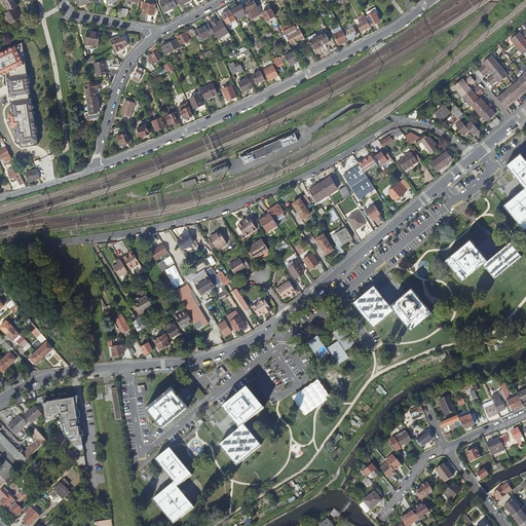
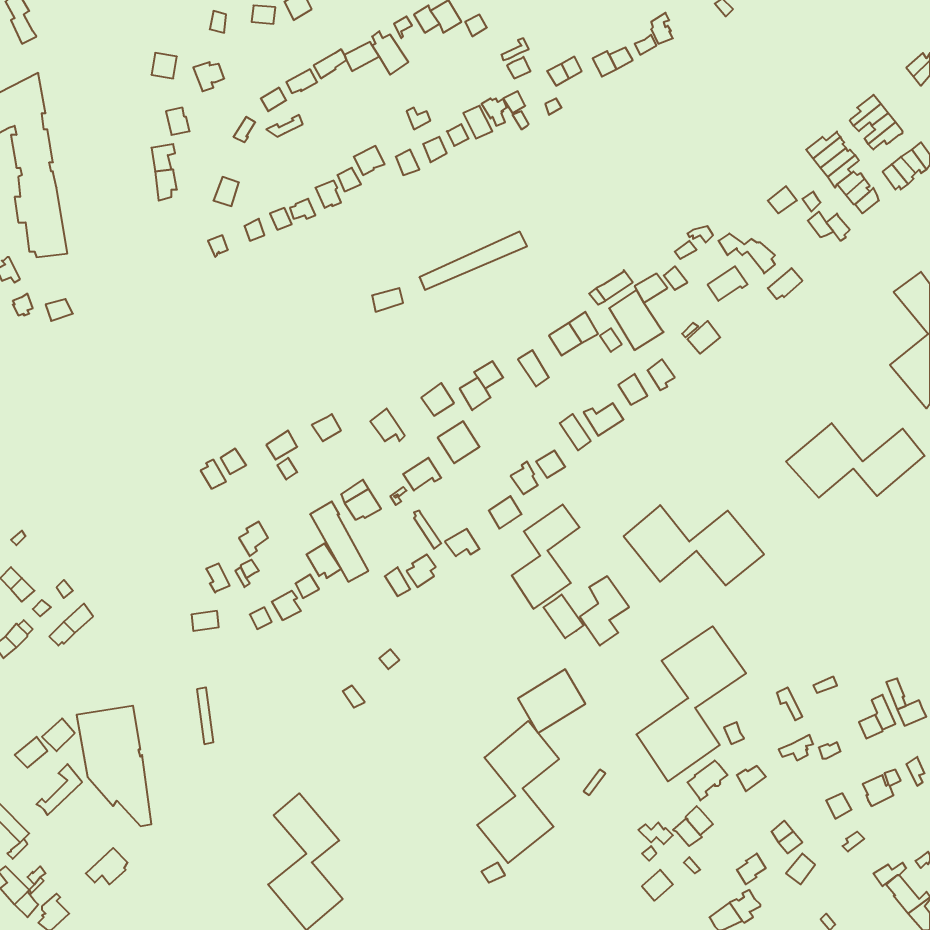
building: none -> [512,504,580,609]
building: none -> [636,626,746,781]
building: [146,385,188,427] -> none
building: [216,385,262,465] -> [477,721,559,863]

